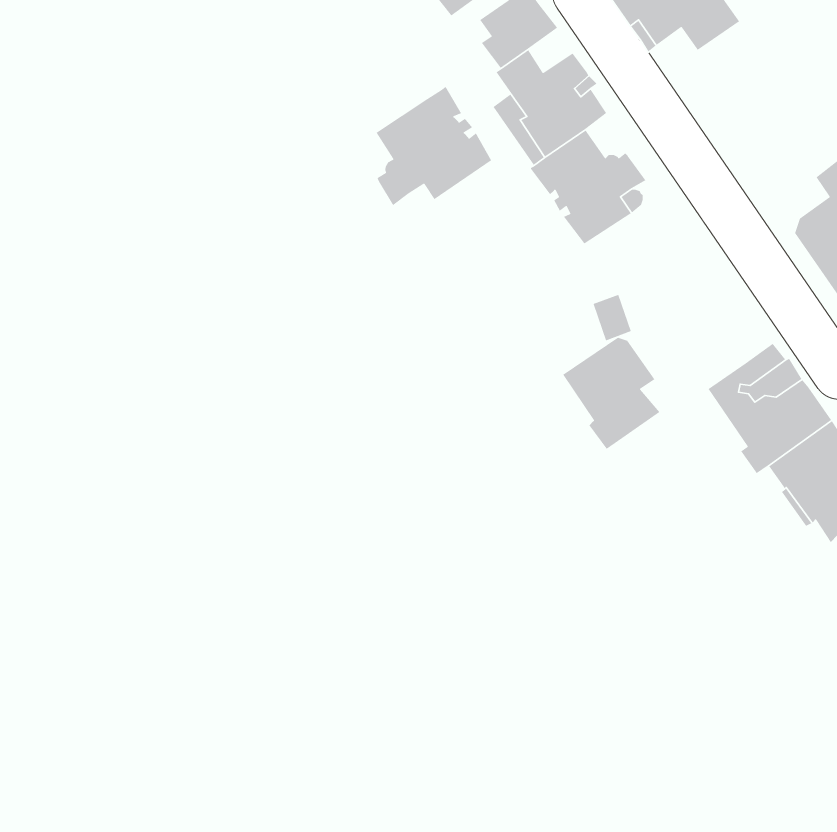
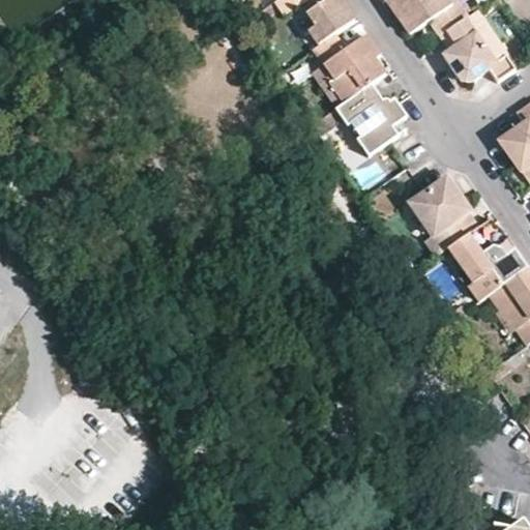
building: none -> [441,9,514,78]
building: [376,86,492,206] -> none
building: [562,337,661,450] -> [409,181,471,253]

